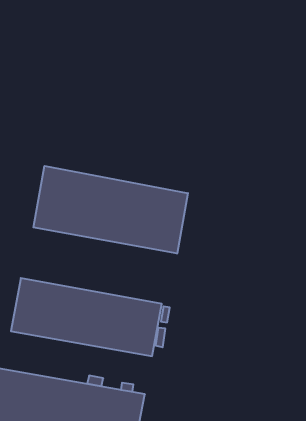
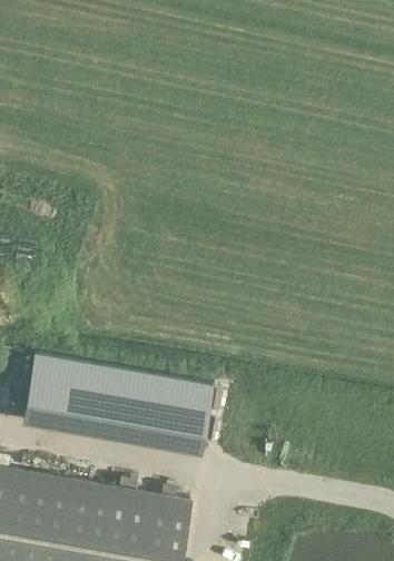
building: [33,166,188,254] -> none

